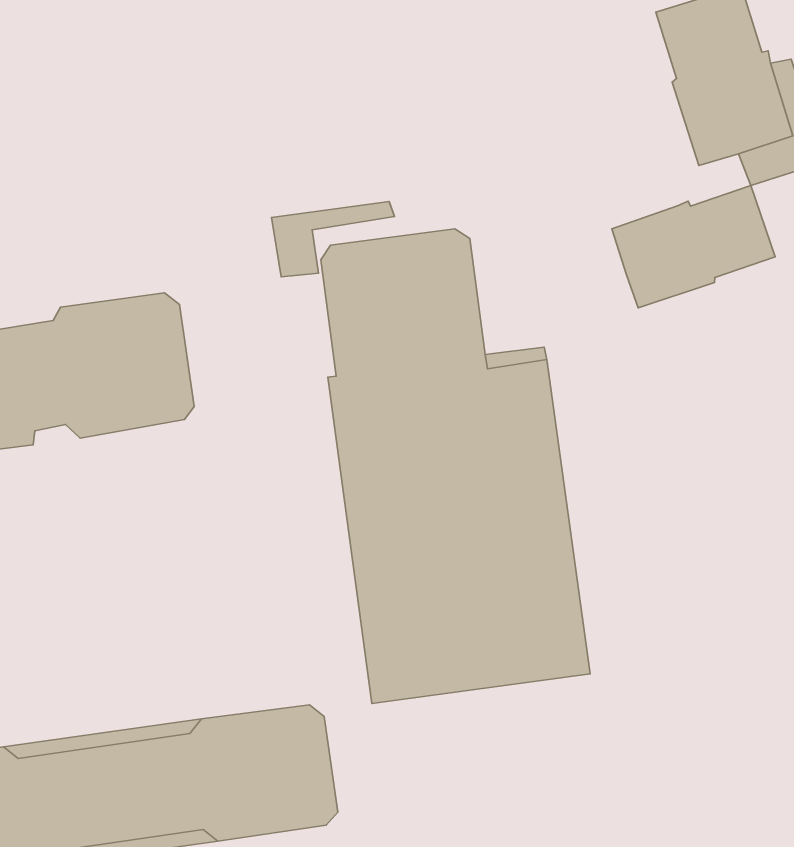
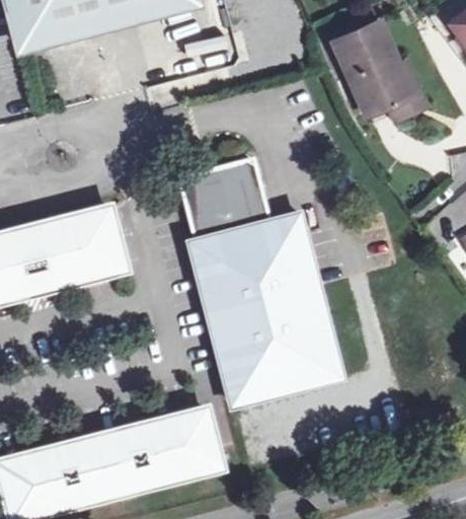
building: [612,185,775,308] -> none
building: [271,201,394,277] -> none

